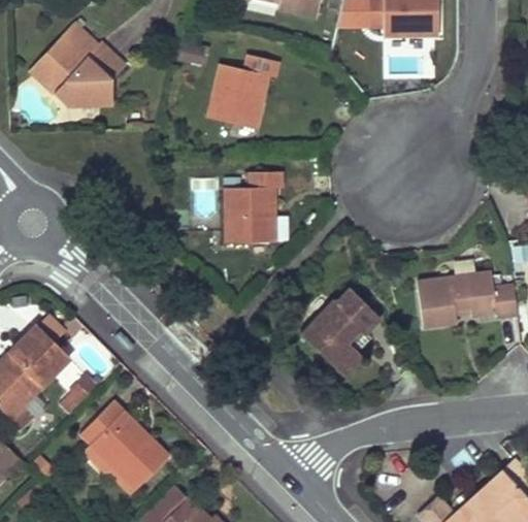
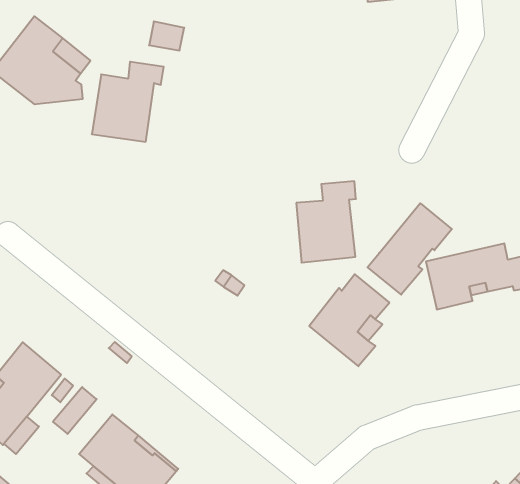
building: [206,54,278,129] -> [92,62,164,142]
building: [225,171,280,242] -> [296,181,356,263]
building: none -> [368,203,452,295]

